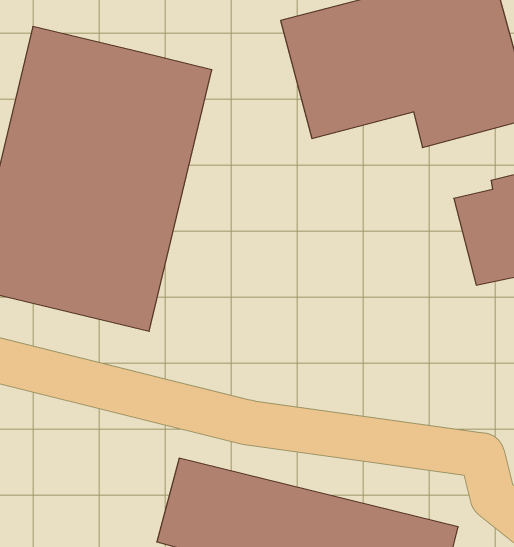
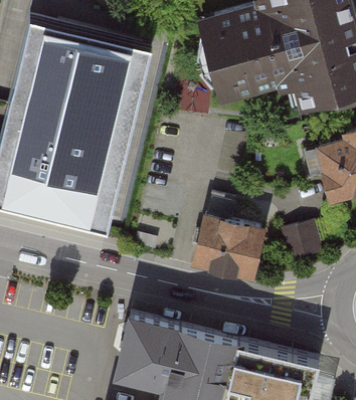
building: none -> [188,209,263,276]
building: none -> [276,223,321,265]

